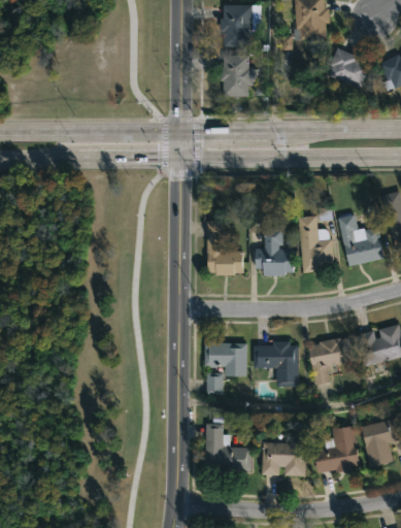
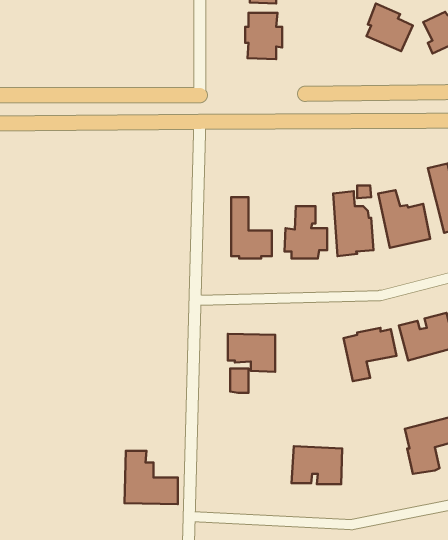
building: [253,340,299,387] -> none
building: [204,423,252,470] -> [125,451,178,504]
building: [314,425,360,472] -> none

